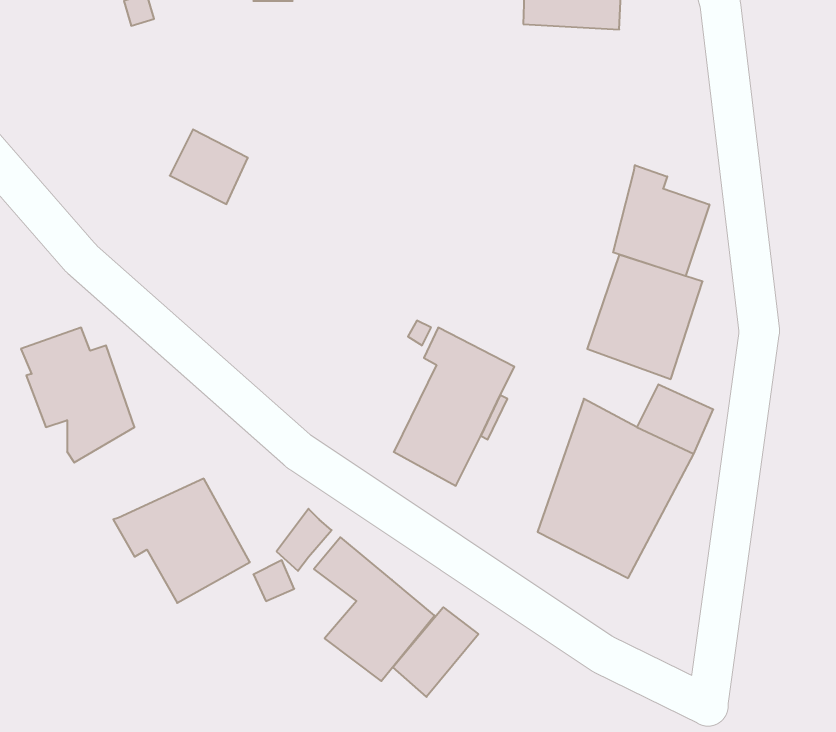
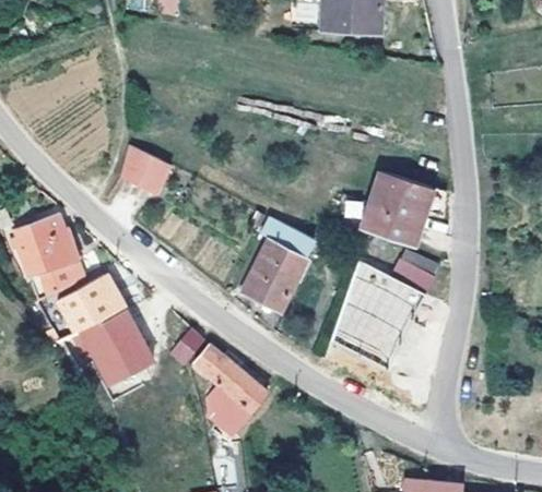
building: [170,129,248,204] -> [120,146,168,192]
building: [613,165,709,276] -> none
building: none -> [56,273,126,332]
building: [393,607,478,697] -> none

